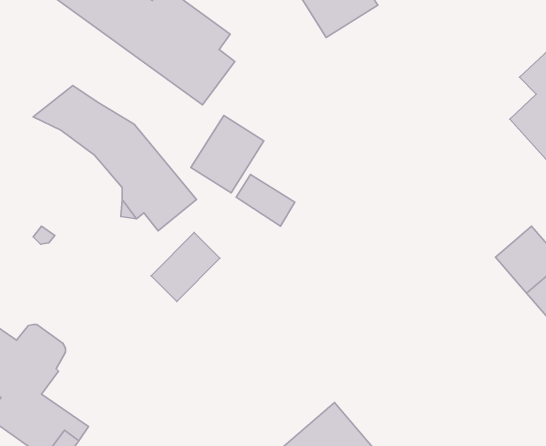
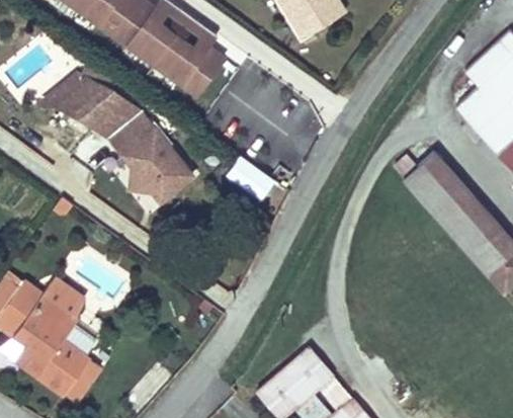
building: none -> [42,69,113,106]
building: [191,116,264,193] -> none
building: none -> [395,153,475,225]
building: [151,232,220,302] -> none

